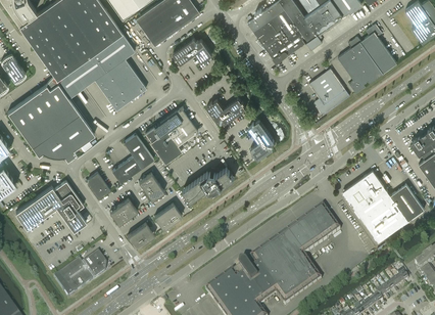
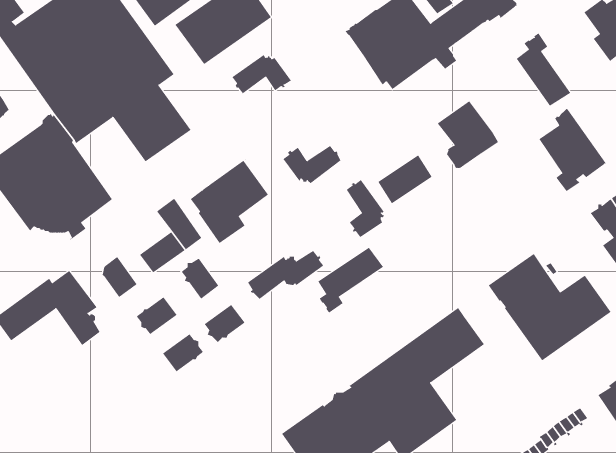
building: [338,36,383,91] -> [538,108,606,192]
building: none -> [377,154,432,204]
building: none -> [318,247,384,314]
building: [53,252,106,297] -> none

